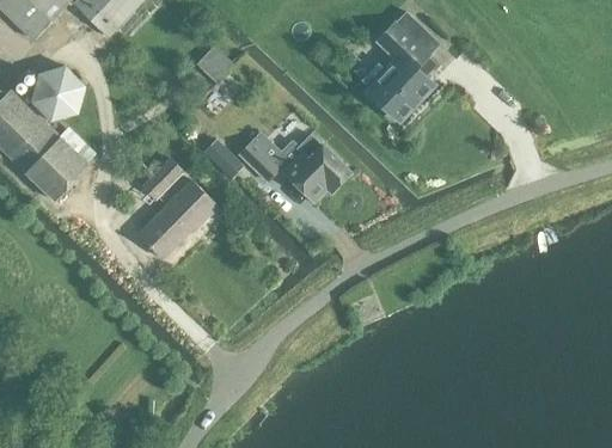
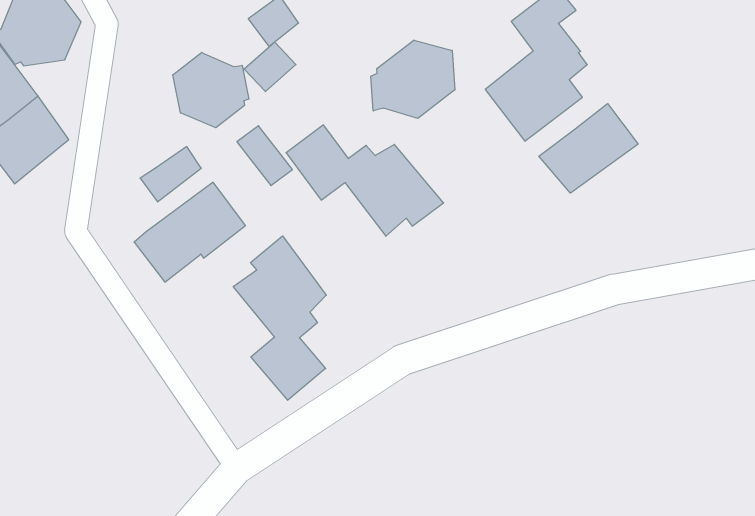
building: none -> [371,40,455,118]
building: none -> [539,104,638,193]
building: none -> [173,52,249,128]
building: none -> [233,236,326,400]

